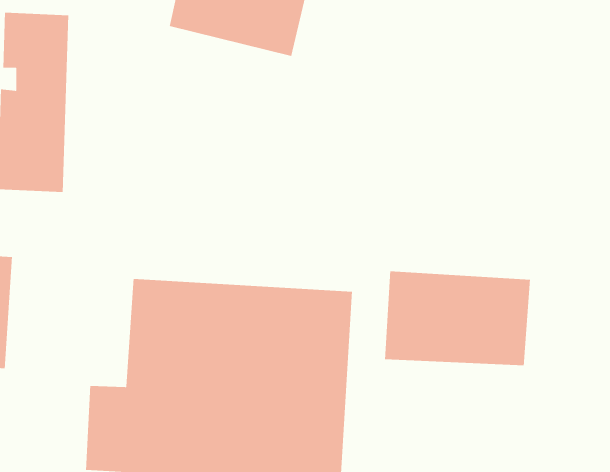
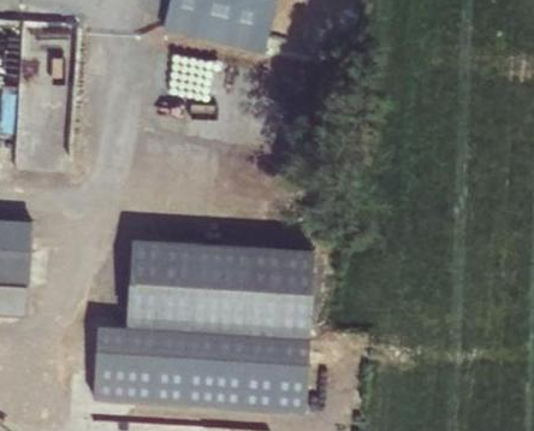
building: [384,271,531,366] -> none

